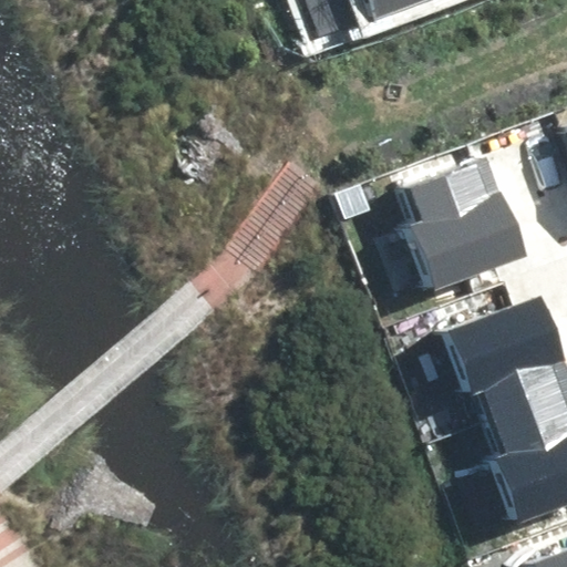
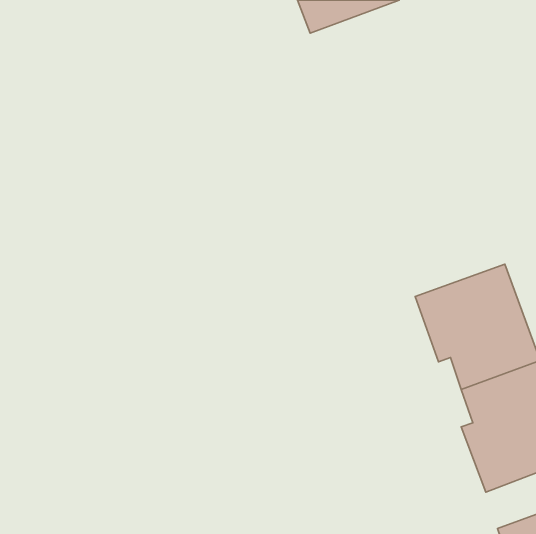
building: [403,158,520,292] -> none

